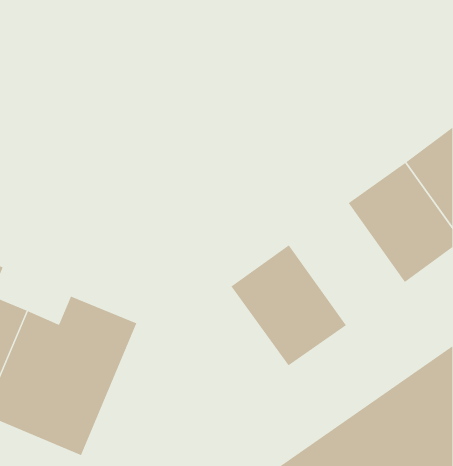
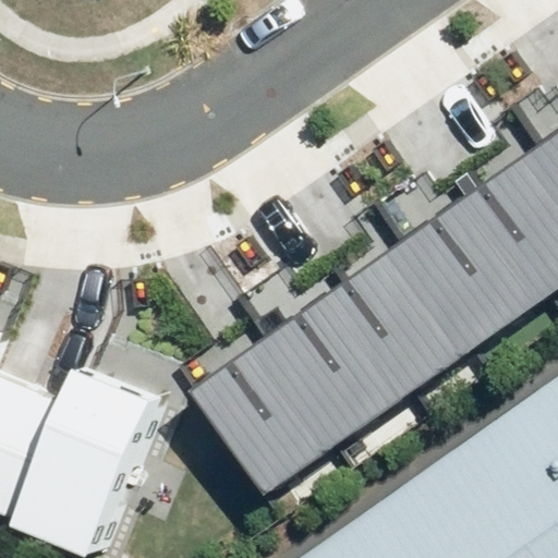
building: none -> [344,244,482,389]
building: none -> [206,343,343,487]

